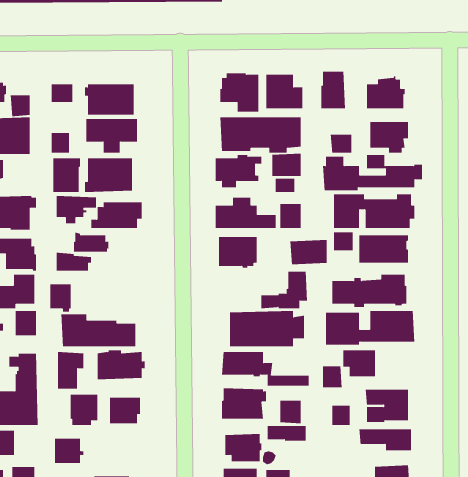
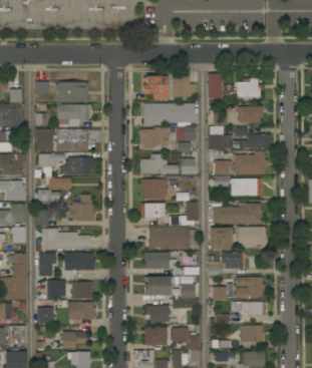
building: [290,239,327,265] -> [140,203,165,219]
building: none -> [66,195,93,221]
building: none -> [68,302,96,320]

